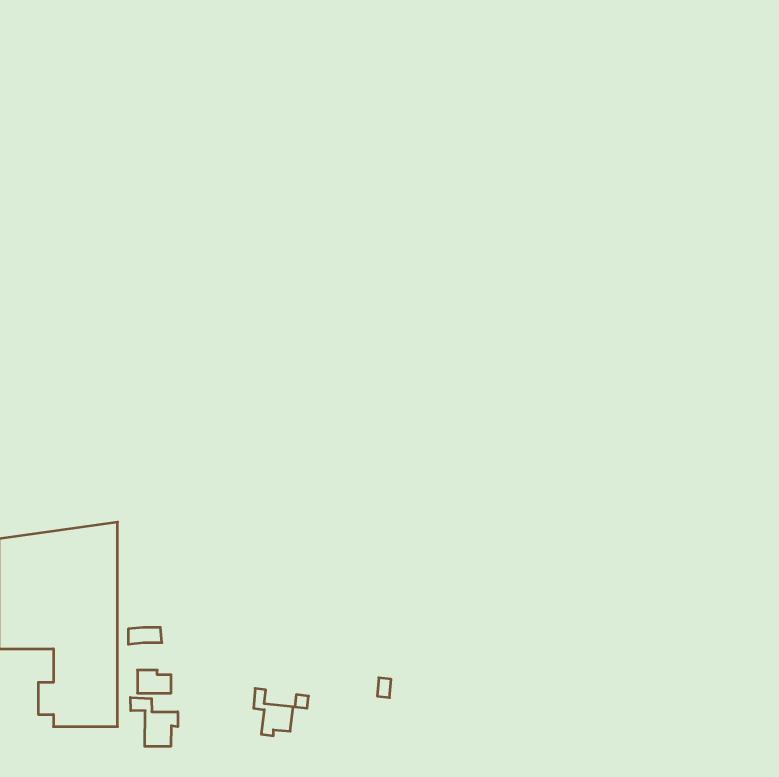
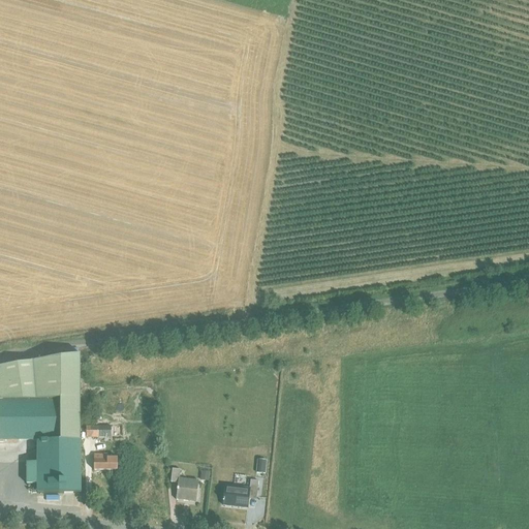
building: [130,697,178,746] -> none
building: none -> [222,478,257,506]

